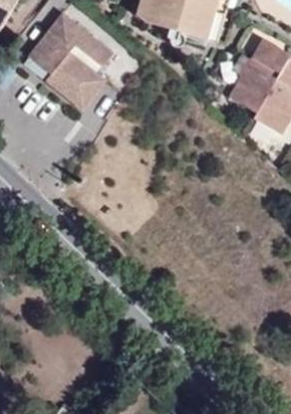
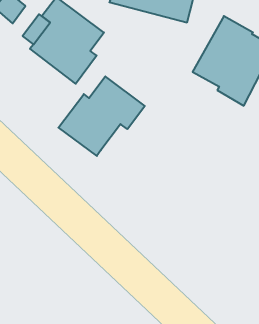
building: none -> [58,76,145,156]

